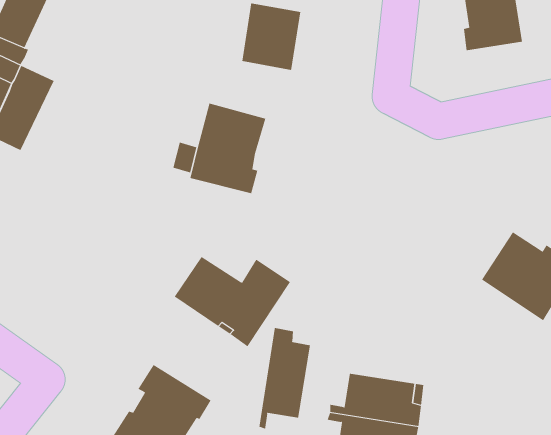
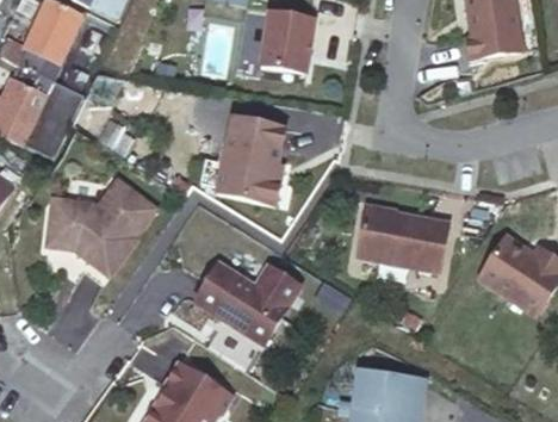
building: none -> [49,180,157,278]
building: none -> [361,204,453,268]
building: [259,327,310,430] -> none

